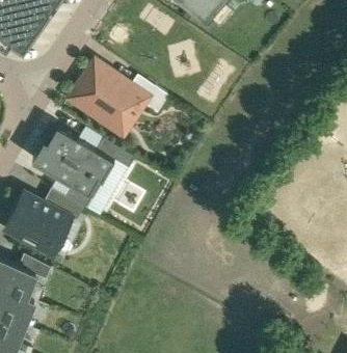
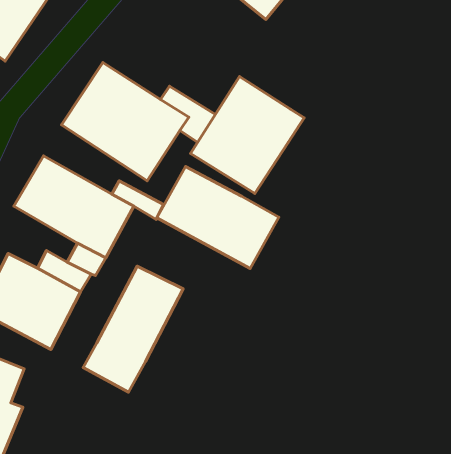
building: none -> [191,77,304,194]
building: none -> [157,167,279,269]
building: none -> [83,266,183,392]

